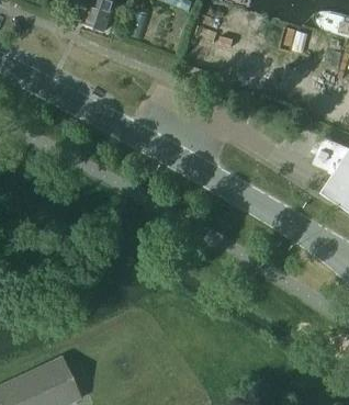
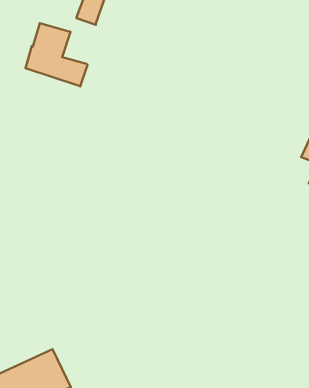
building: none -> [26,23,87,86]

